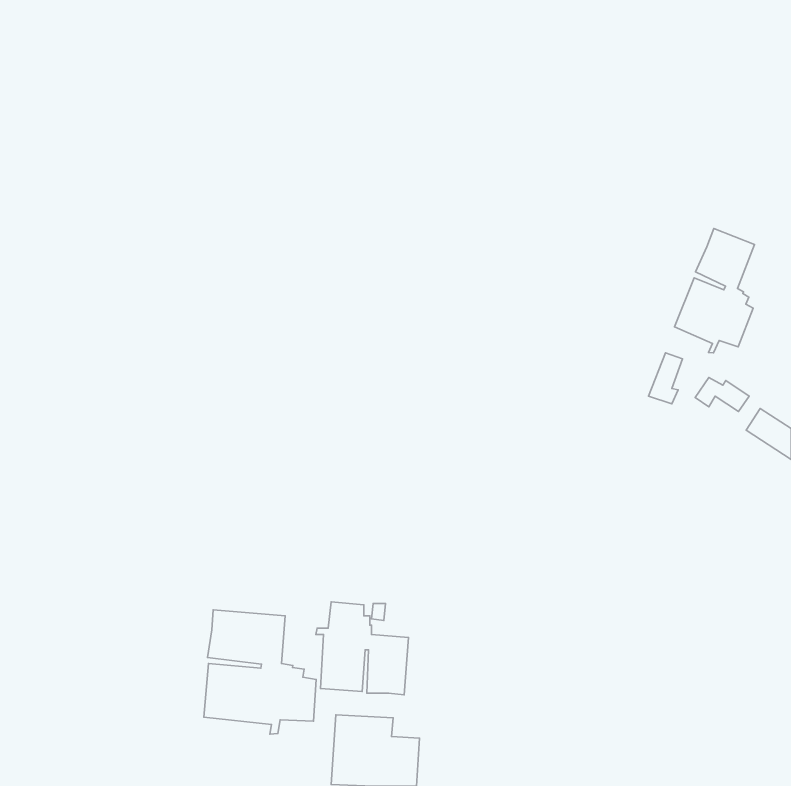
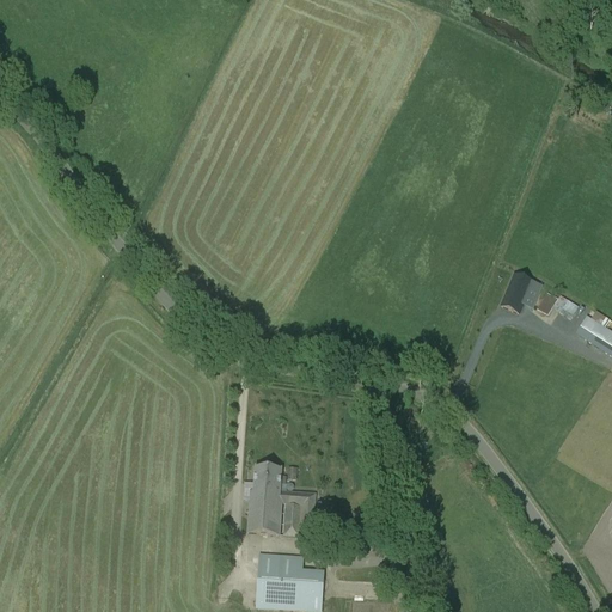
building: [675,228,755,353] -> none
building: [204,610,316,734] -> none

